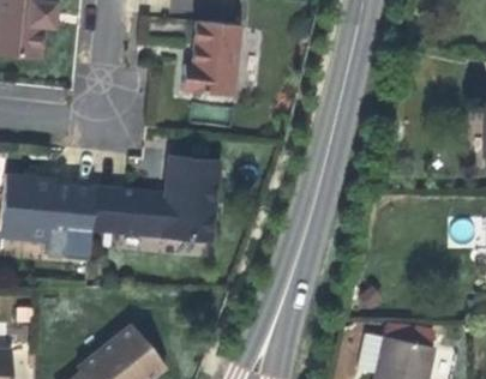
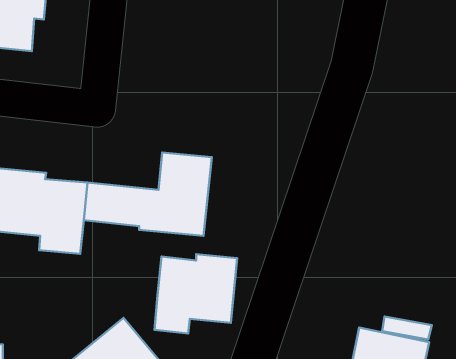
building: [181,20,240,96] -> none
building: none -> [154,254,237,334]

